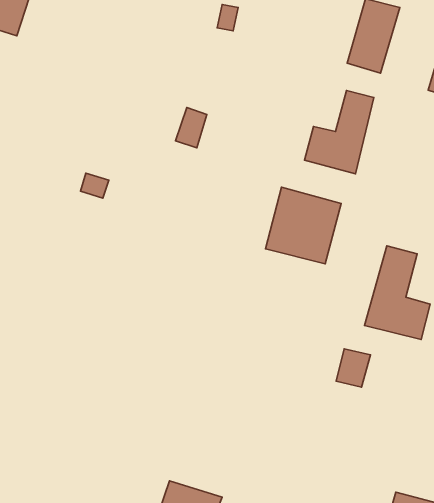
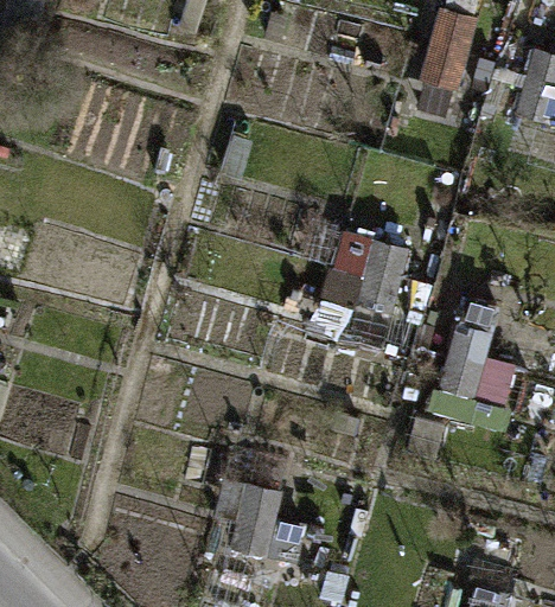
building: [305,91,374,174] -> none
building: none -> [212,480,307,567]

